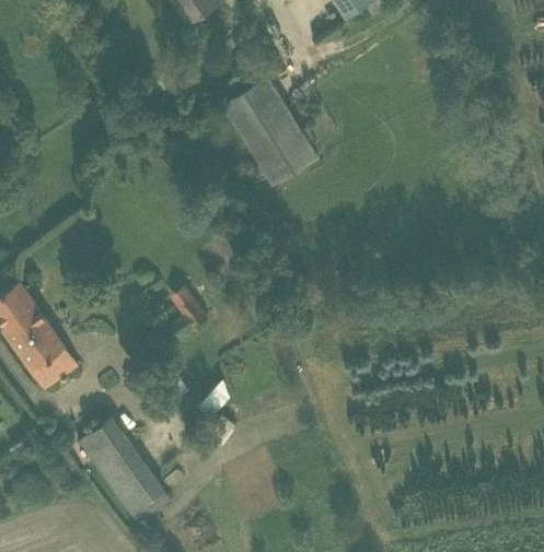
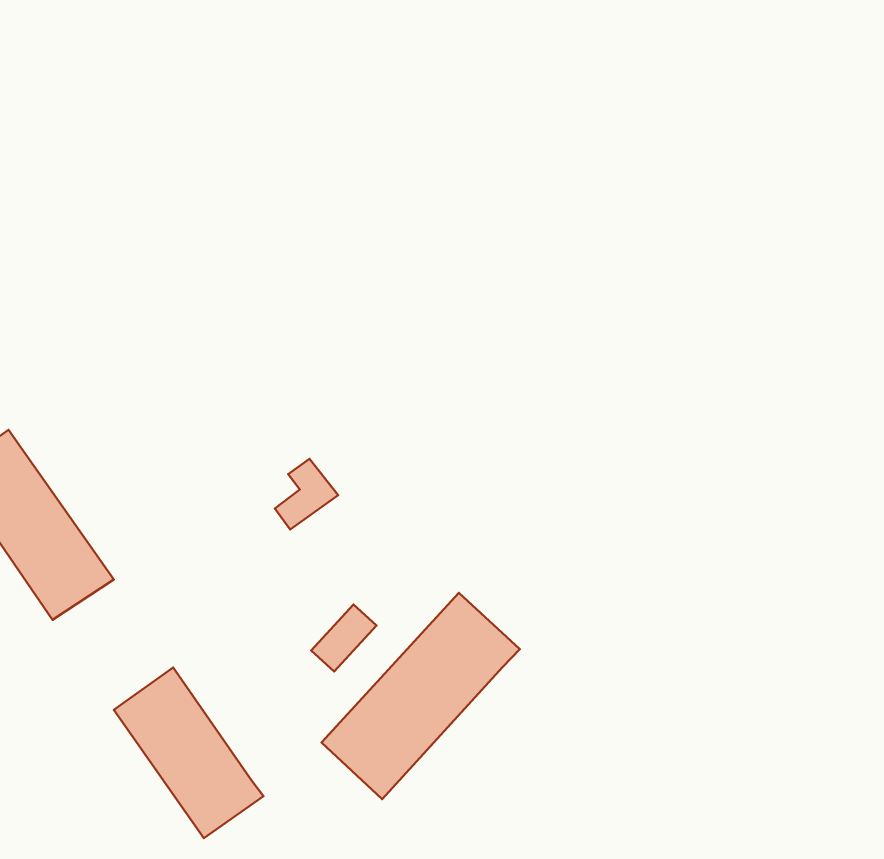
building: [222,77,317,186] -> none
building: none -> [321,593,520,799]

